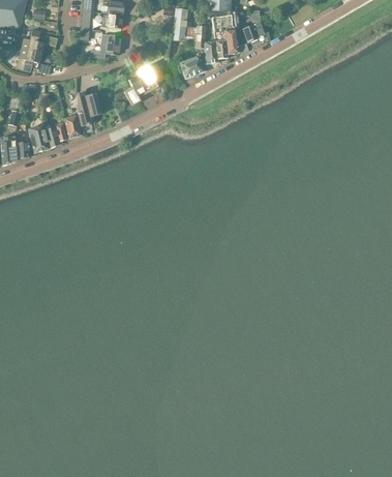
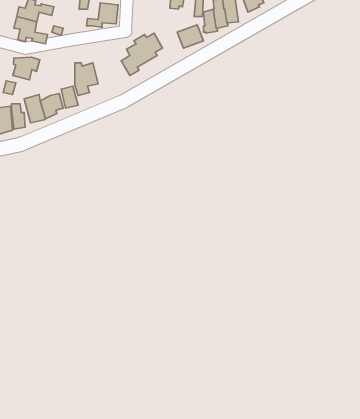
building: none -> [13,57,40,80]

